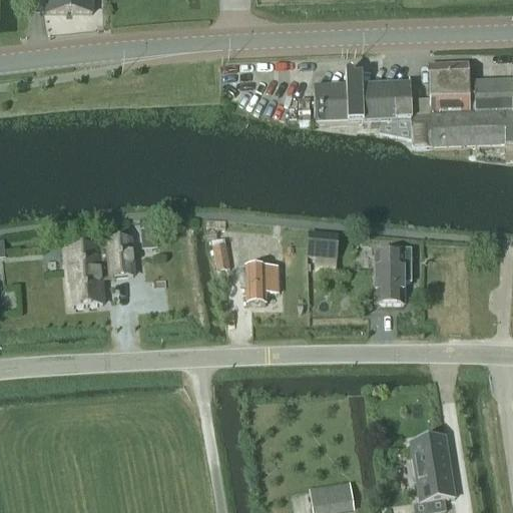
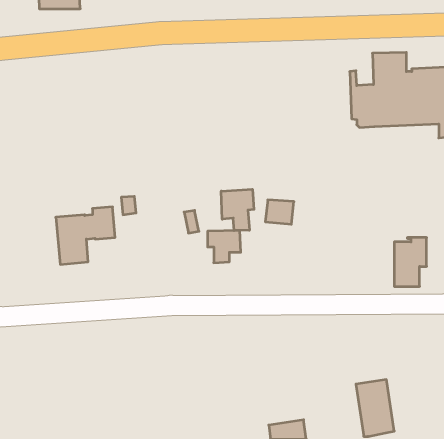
building: [316,66,406,136] -> none
building: none -> [221,189,254,231]
building: [375,245,412,302] -> [394,238,427,286]

